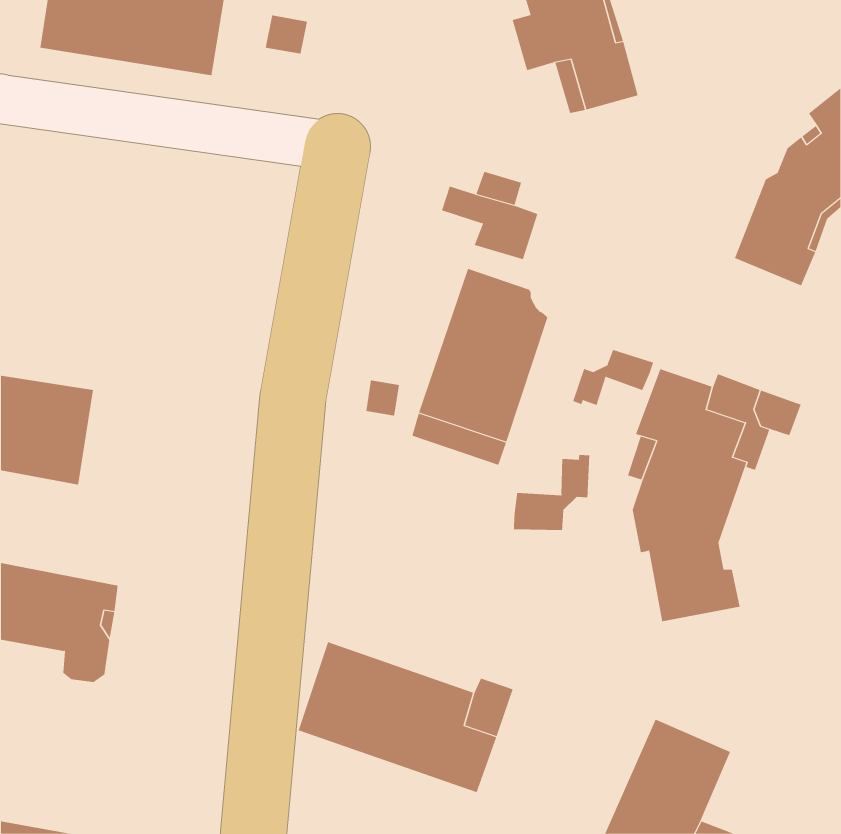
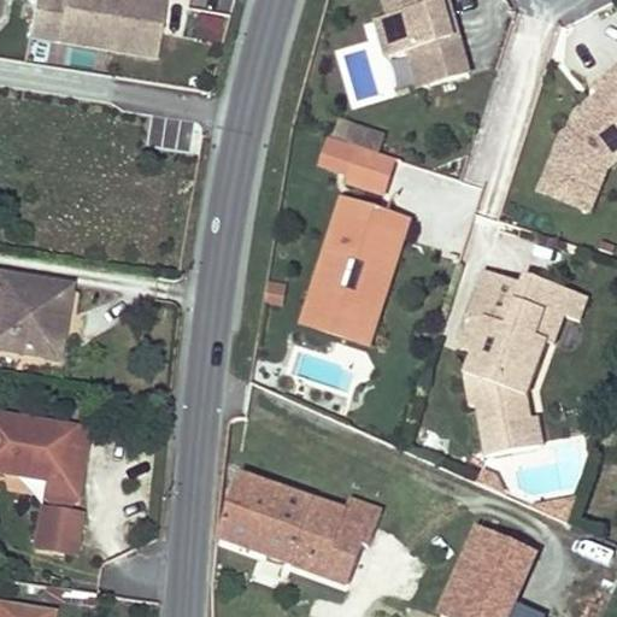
building: [572,349,654,406] -> none
building: [514,454,590,531] -> none
building: none -> [34,504,83,552]

